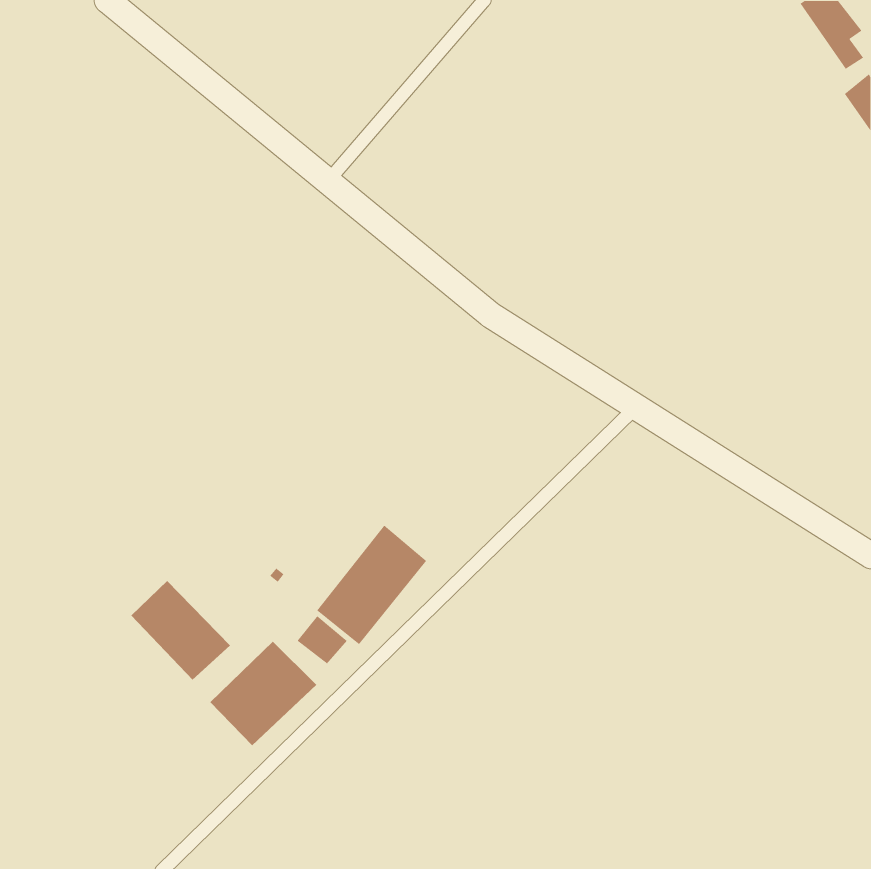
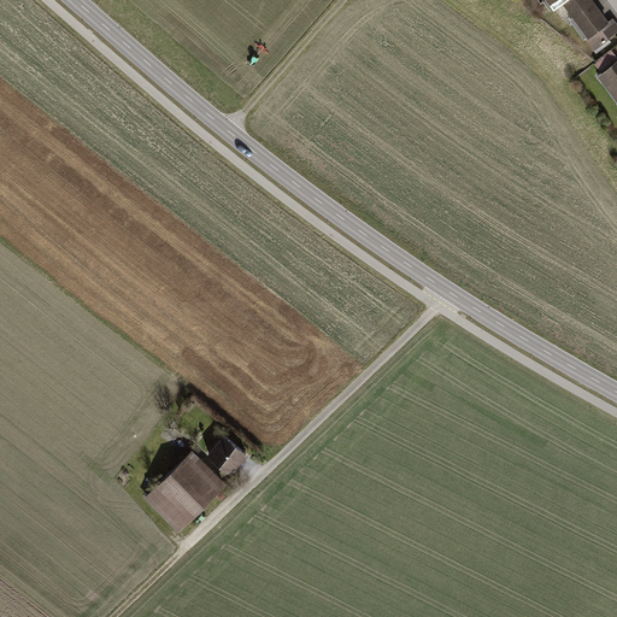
building: [316,525,427,645] -> none
building: [131,580,231,681] -> none

